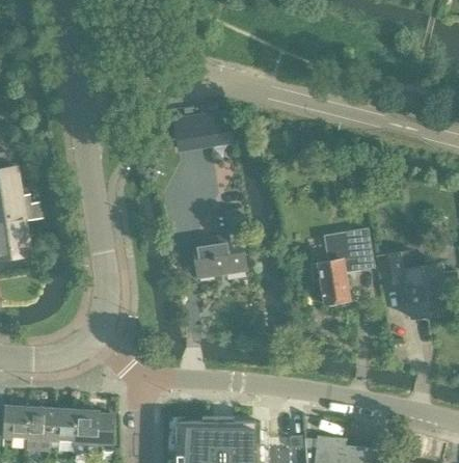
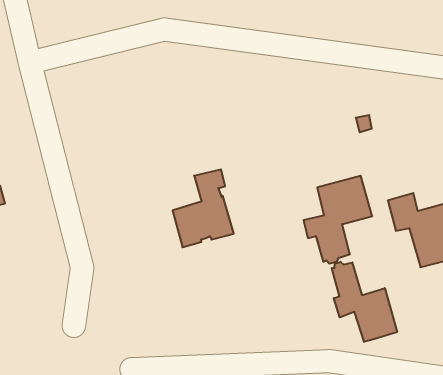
building: [173,111,228,148] -> none
building: none -> [332,262,397,342]

